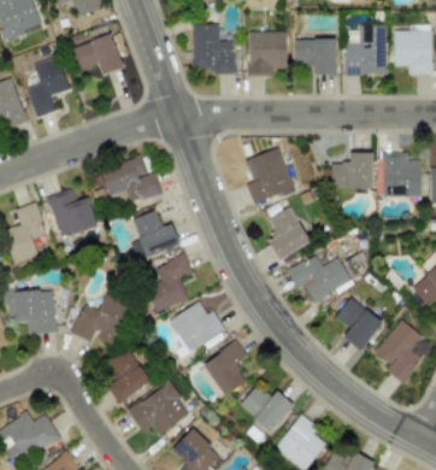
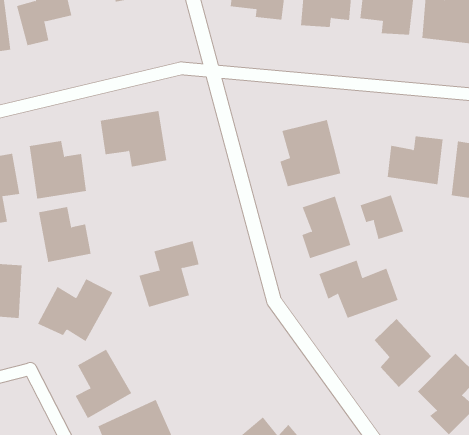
building: none -> [360,195,404,240]
building: [134,211,179,257] -> [38,206,92,262]
building: [170,301,225,351] -> none
building: [202,341,247,396] -> none

